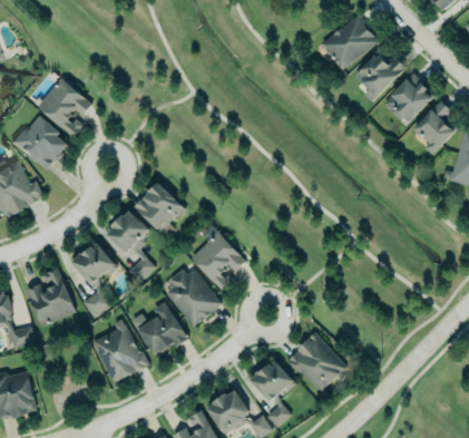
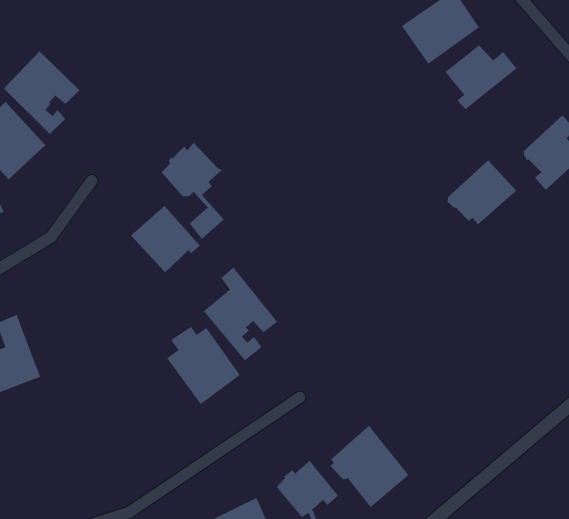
building: [385,75,436,123] -> [447,160,517,225]
building: [107,212,155,282] -> [161,142,225,240]
building: [74,244,117,318] -> none
building: [131,302,187,354] -> none
building: [91,319,149,383] -> none

